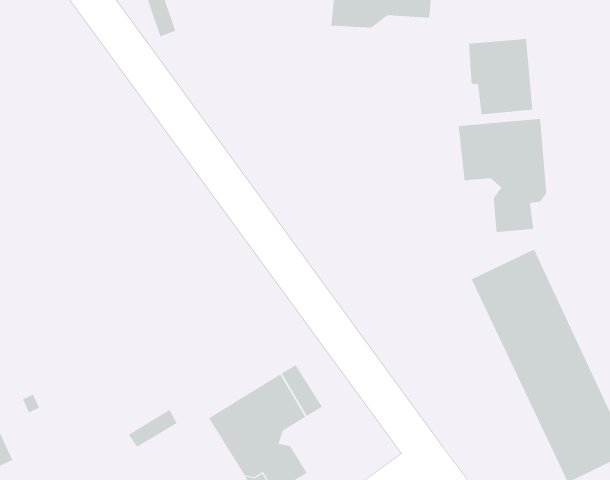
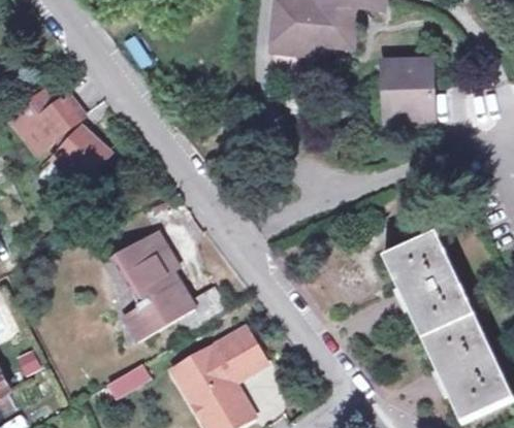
building: none -> [9,90,107,182]
building: [458,118,547,233] -> none
building: none -> [116,233,227,341]

